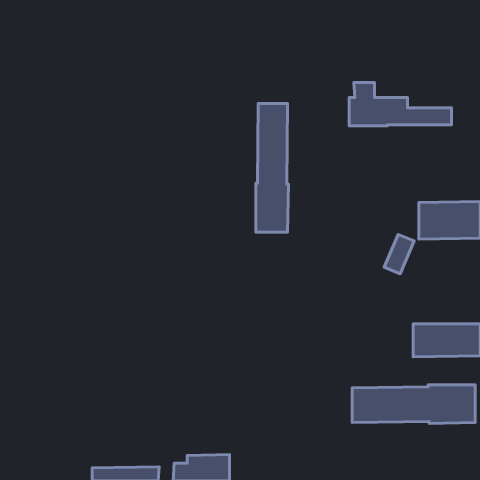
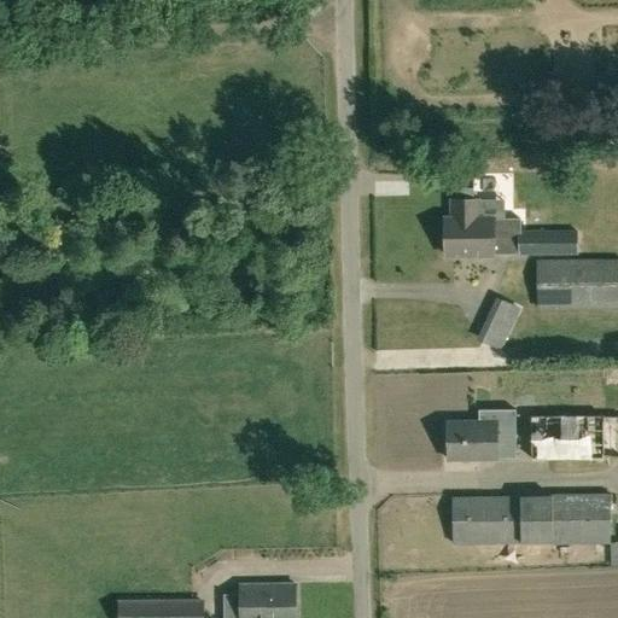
building: [349,83,452,126] -> [445,199,577,255]
building: [256,103,288,232] -> none
building: none -> [447,403,514,460]

